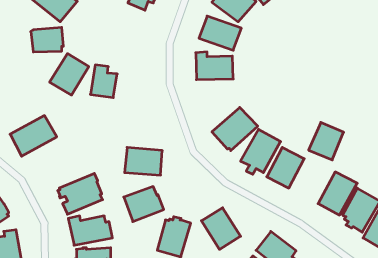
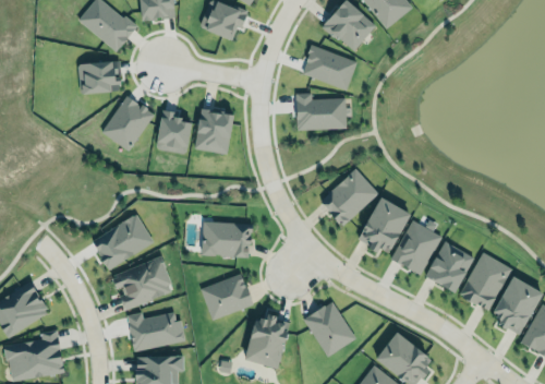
building: none -> [193,105,231,153]
building: [10,116,57,156] -> [92,215,154,269]
building: [309,122,344,160] -> [426,242,473,292]

